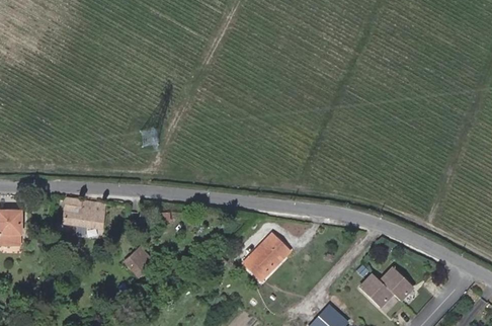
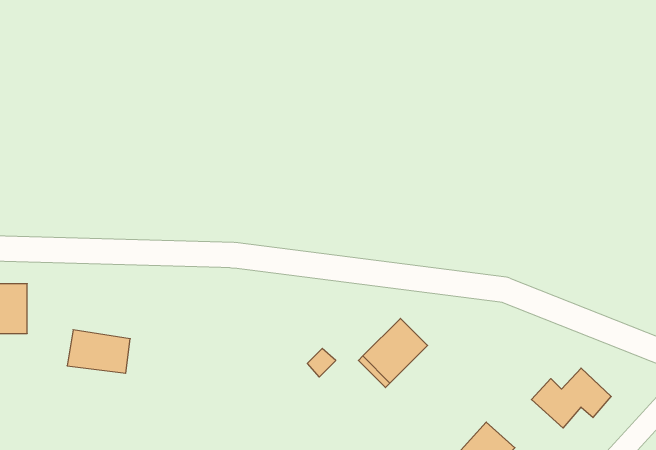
building: [62,198,104,228] -> [67,330,130,373]
building: [124,246,153,276] -> none

